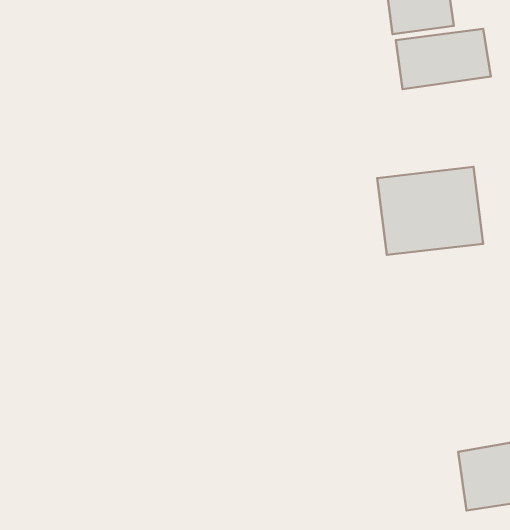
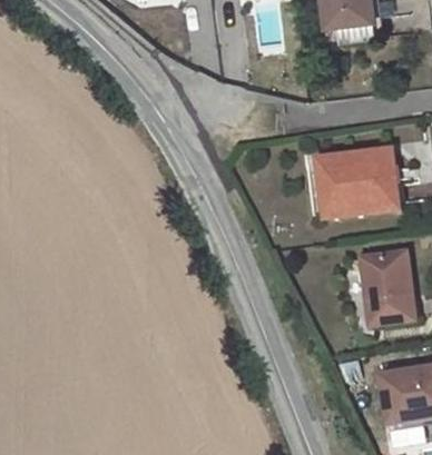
building: [396,29,491,89] -> none
building: none -> [359,248,414,323]

